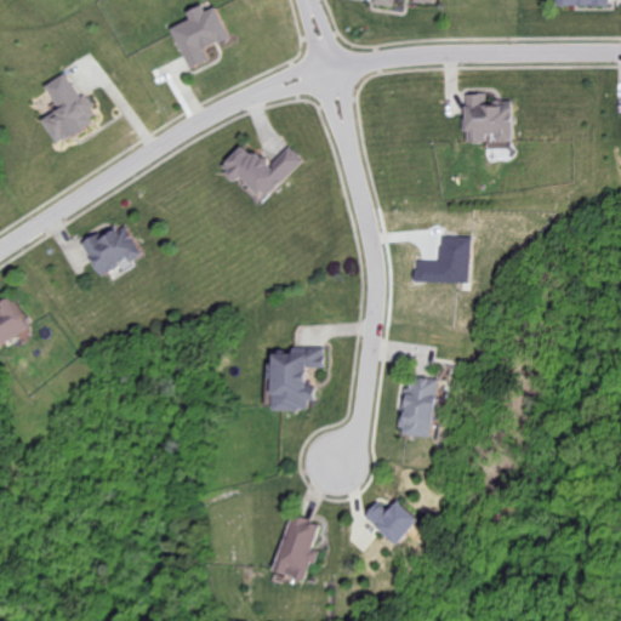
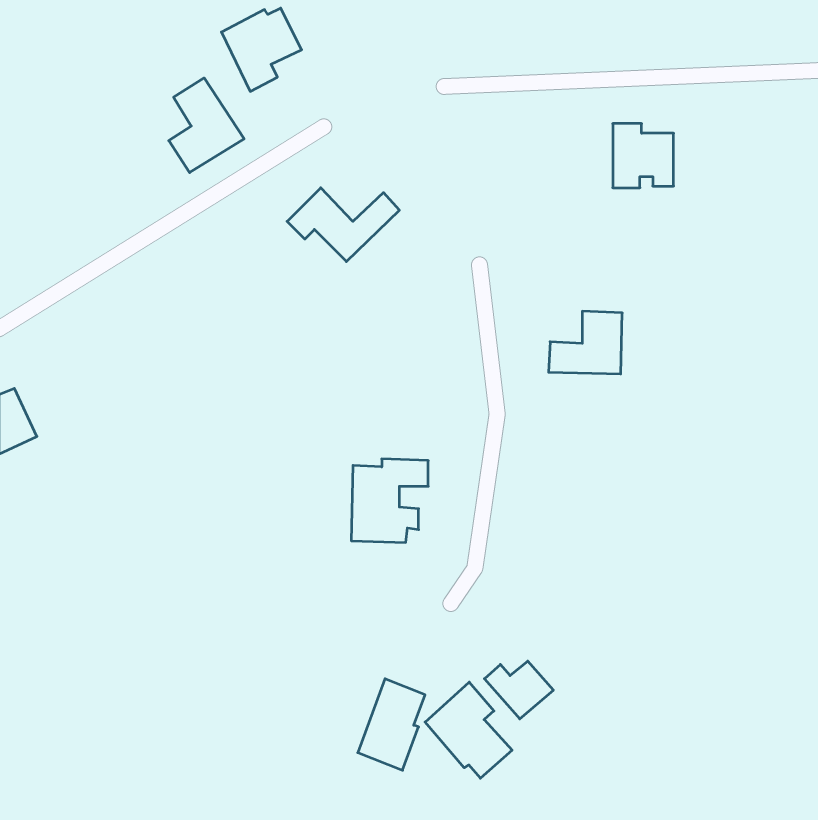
building: [39,72,96,143] -> [169,78,244,173]
building: [82,222,139,275] -> none
building: [401,377,437,437] -> none
building: none -> [425,682,512,778]

